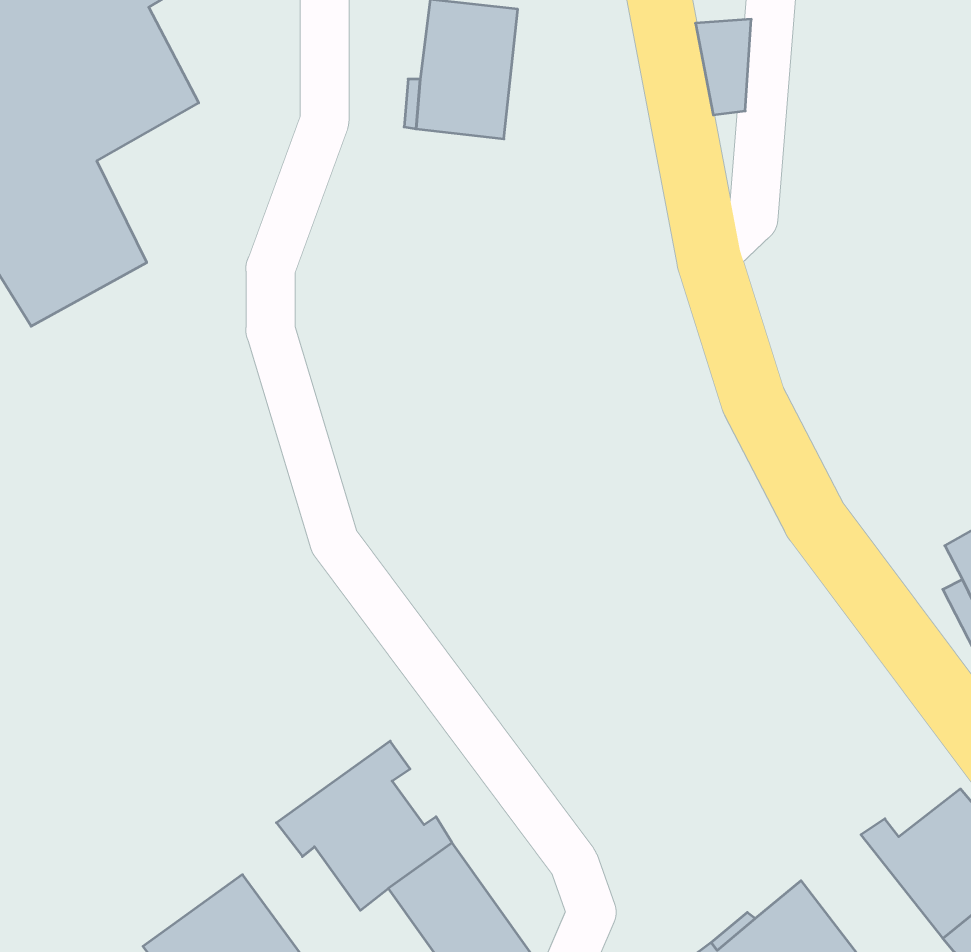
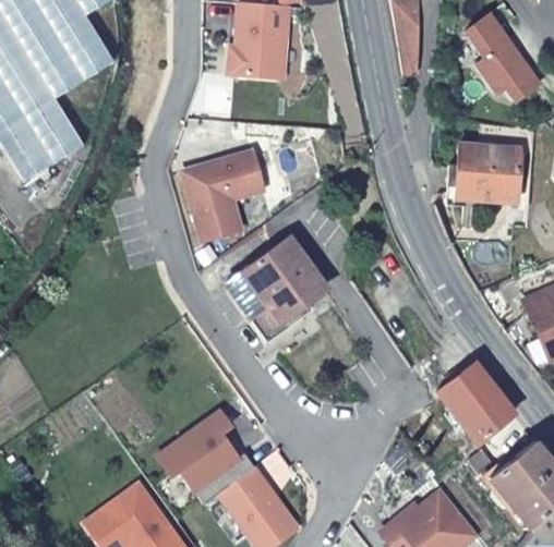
building: none -> [465,26,532,108]
building: none -> [450,147,514,206]
building: none -> [183,149,265,240]
building: none -> [239,245,321,327]
building: none -> [427,338,514,442]

